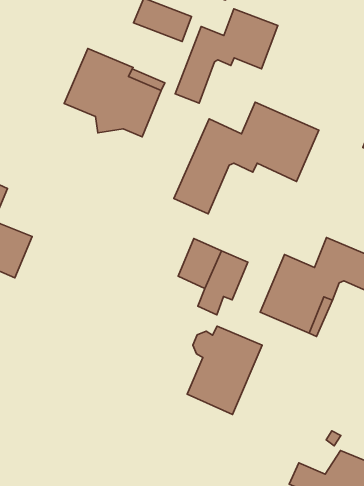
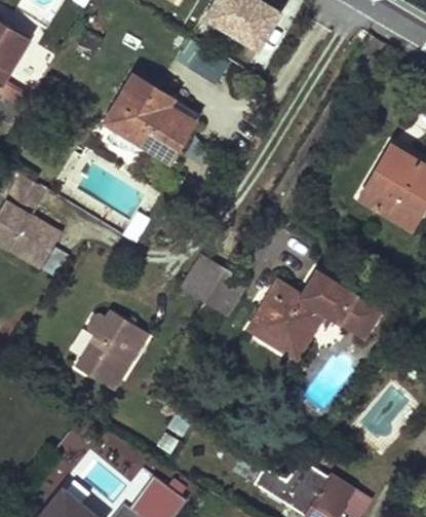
building: [175,9,278,103] -> none
building: [174,102,319,214] -> none
building: [187,326,262,414] -> [77,310,149,390]

